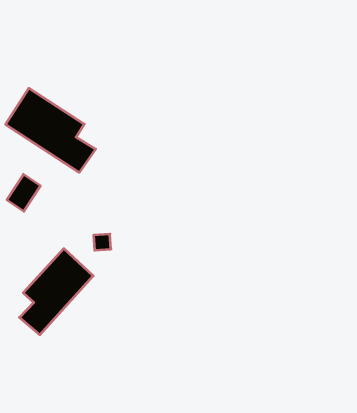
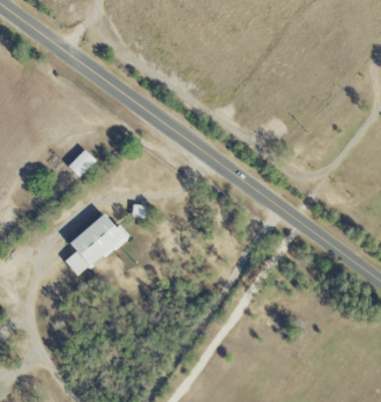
building: [6,88,96,172] -> none

